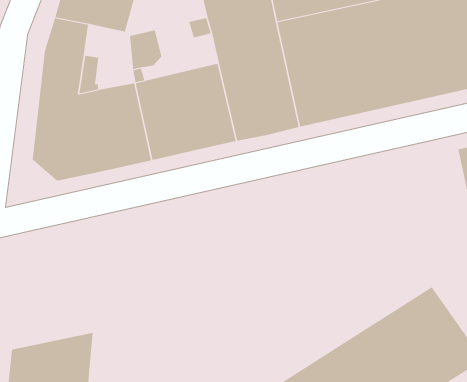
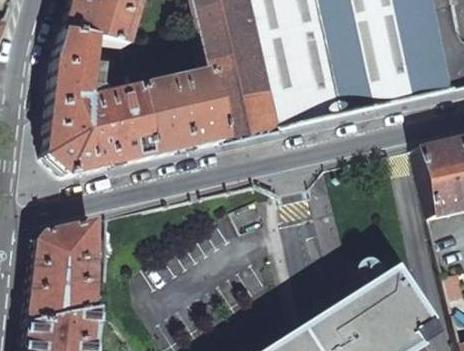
building: none -> [29,217,97,320]

